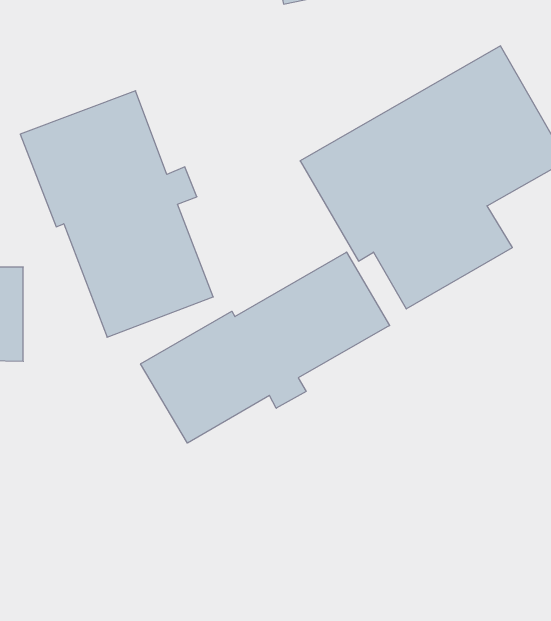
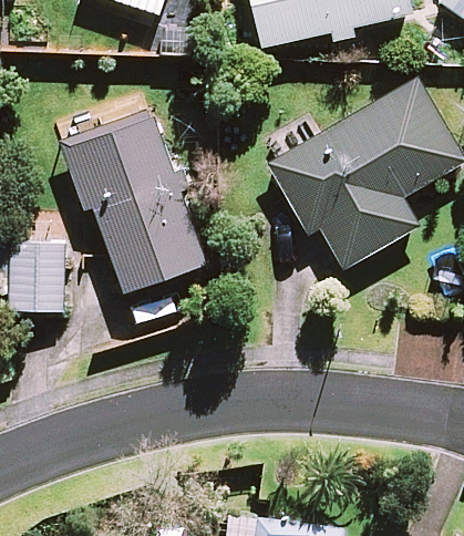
building: [141,252,390,443] -> none

